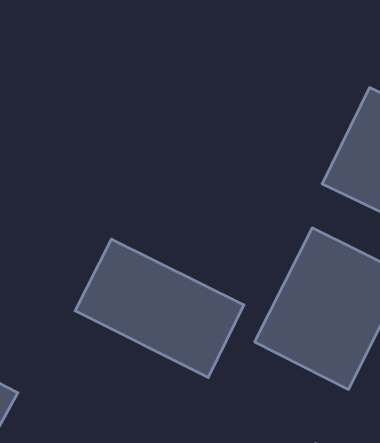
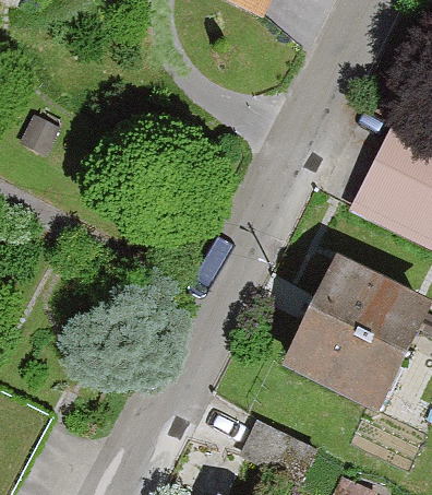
building: [75,239,244,378] -> none

